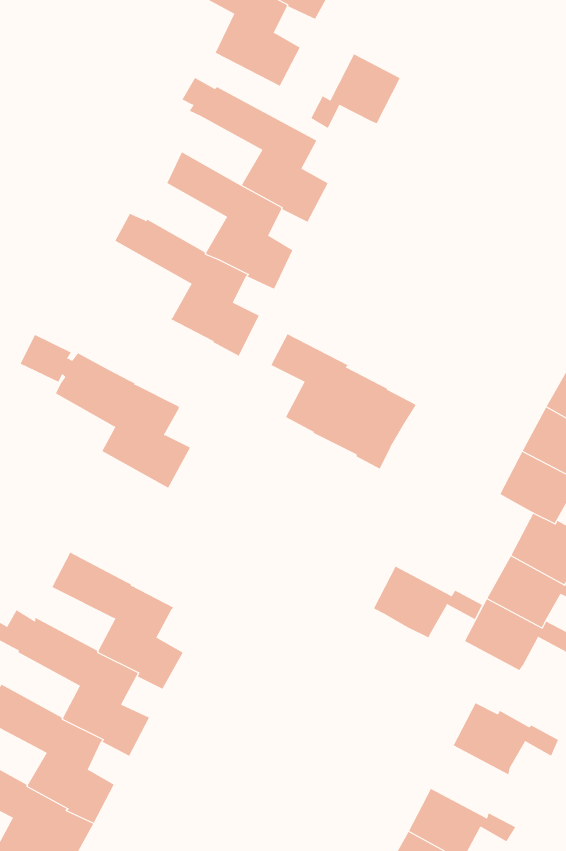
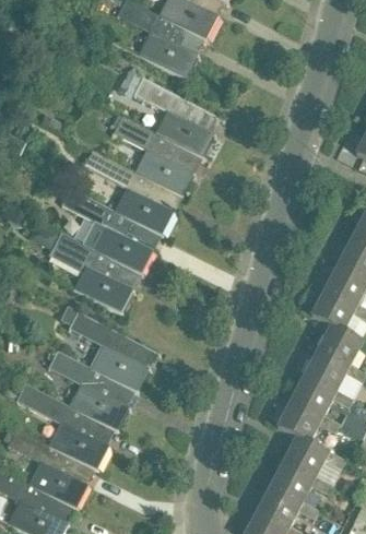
building: [311,53,400,129] -> none
building: [270,334,417,469] -> [72,192,158,272]
building: none -> [60,306,146,390]
building: [373,566,483,638] -> [276,401,341,443]
building: none -> [270,462,333,505]

